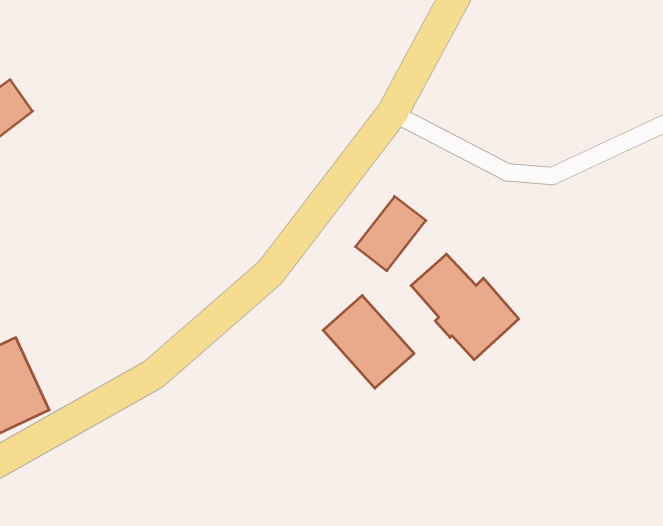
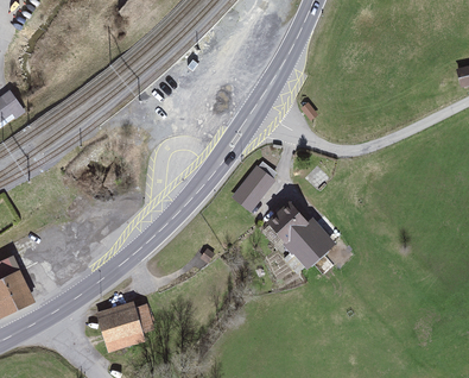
building: [323,295,414,388] -> none
building: none -> [95,301,145,352]

